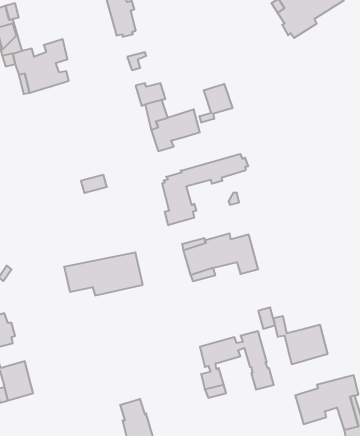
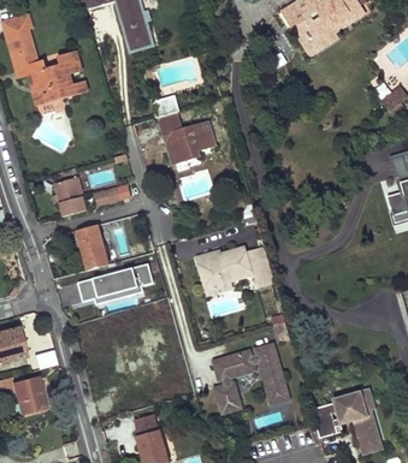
building: [199,84,232,123] -> none
building: [162,154,248,225] -> none
building: none -> [53,177,87,216]
building: none -> [76,225,108,271]
building: [273,316,327,364] -> none

